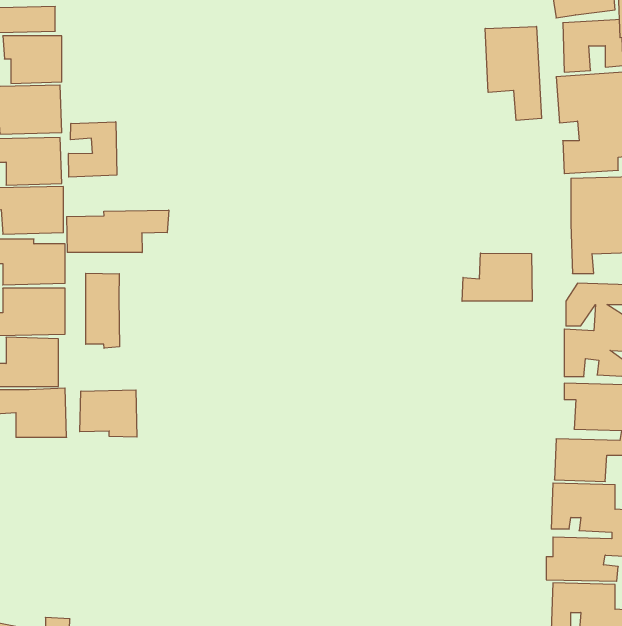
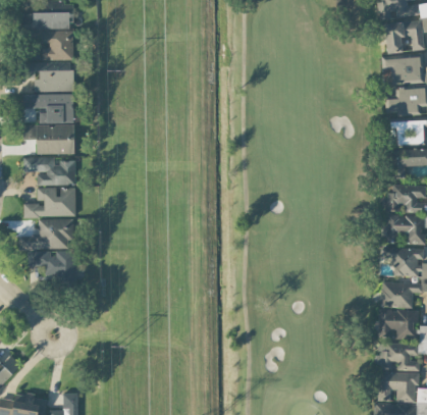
building: [485,26,542,120] -> none
building: [69,122,117,177] -> none
building: [67,210,169,253] -> none
building: [462,253,532,301] -> none
building: [86,273,119,348] -> none
building: [80,390,137,437] -> none

